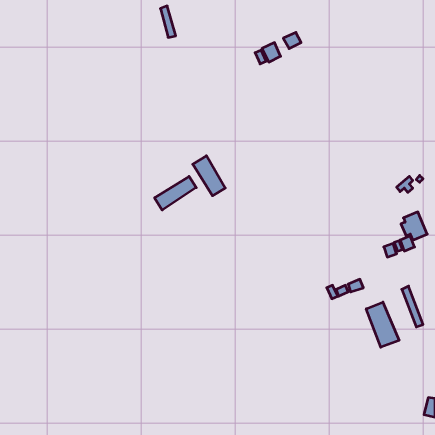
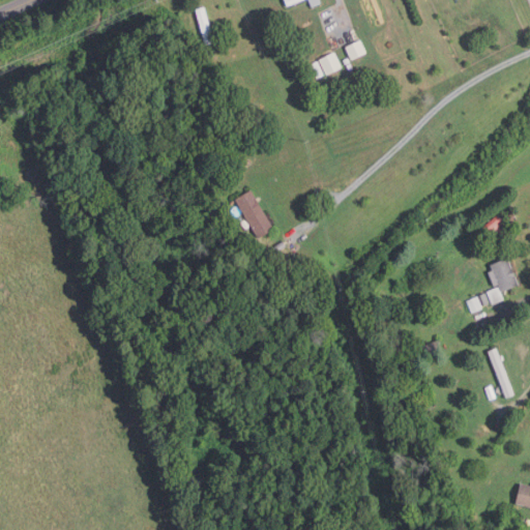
building: [155,176,196,210] -> none
building: [366,302,399,347] -> none

